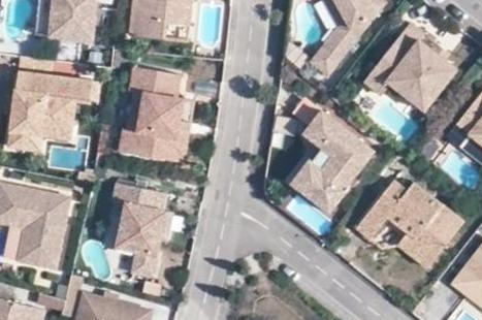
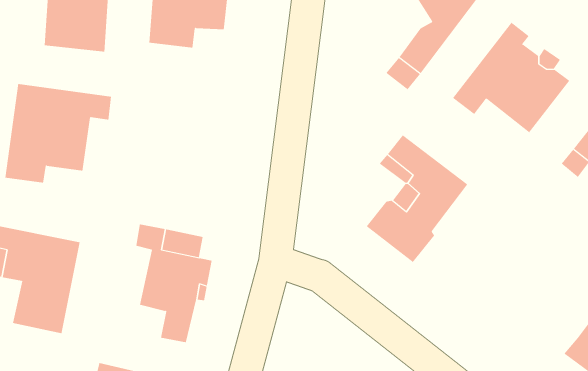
building: [123,66,187,161] -> none
building: [352,182,459,268] -> none

